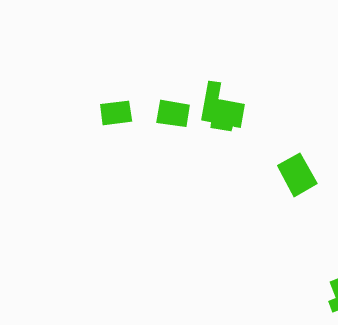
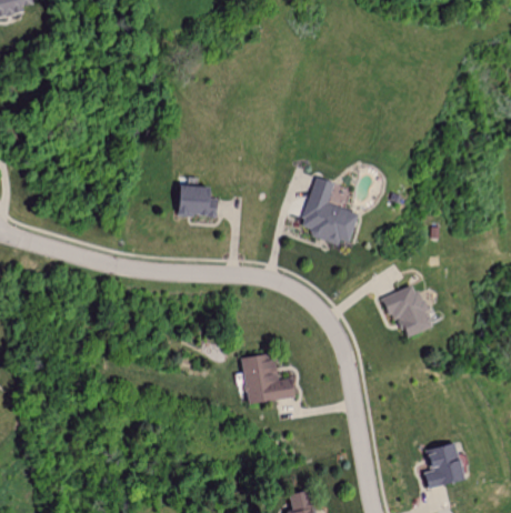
building: [155,99,190,128] -> none
building: none -> [241,353,295,404]

